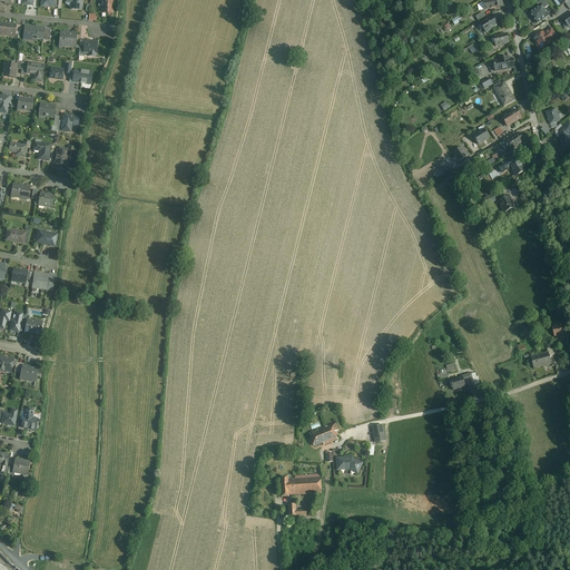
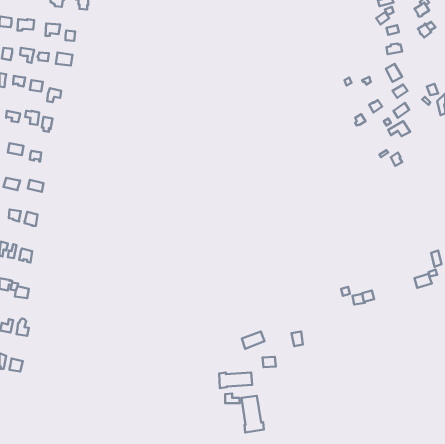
building: none -> [242,396,264,432]

